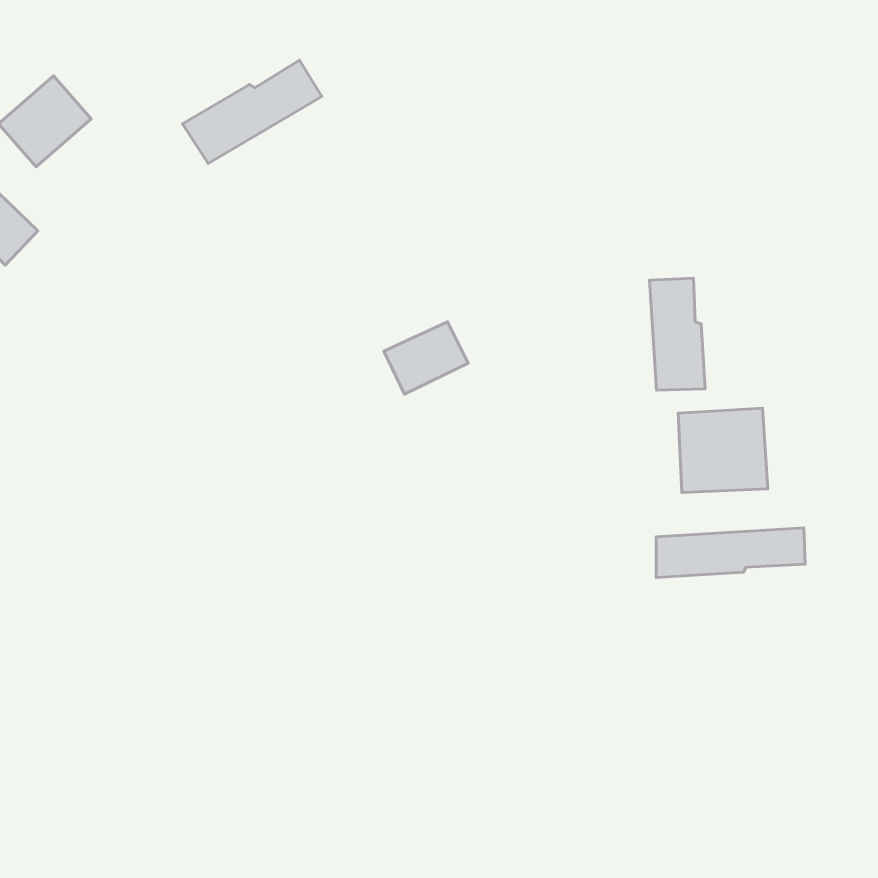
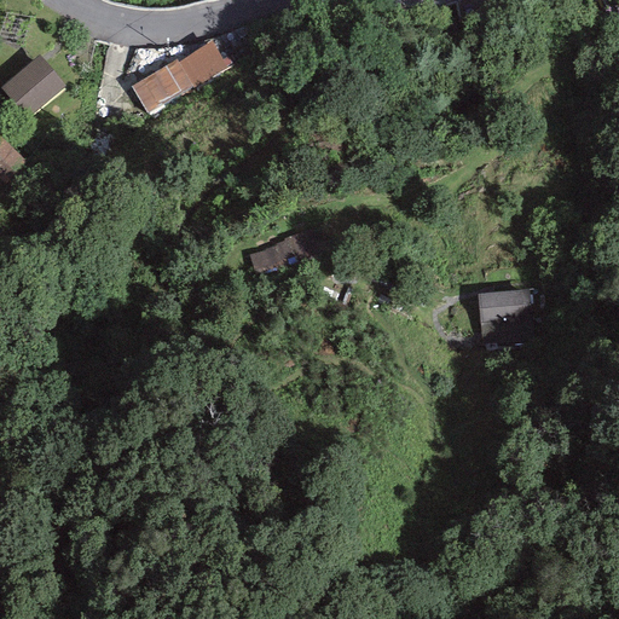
building: [650,278,705,390] -> none
building: [656,528,805,577] -> none

